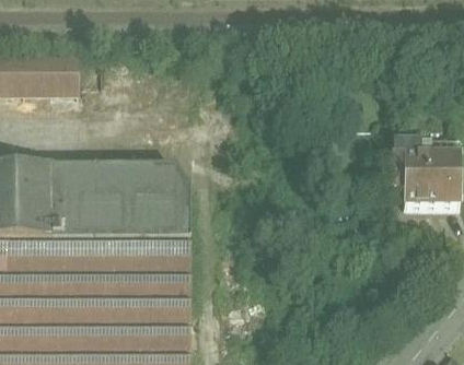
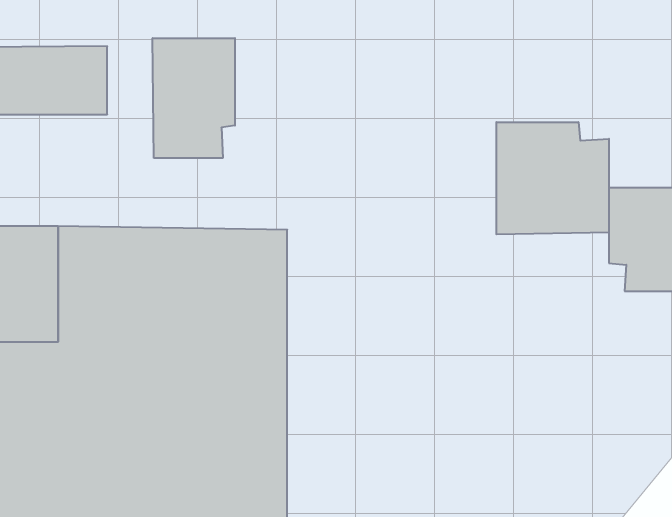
building: none -> [153,38,235,158]
building: none -> [496,122,609,234]

